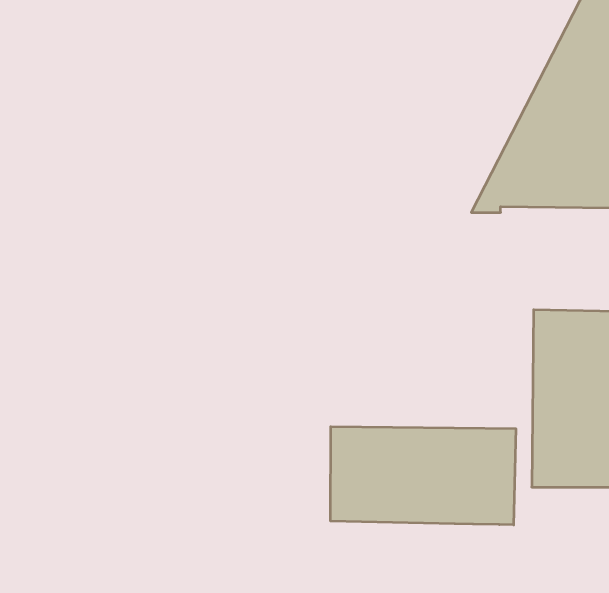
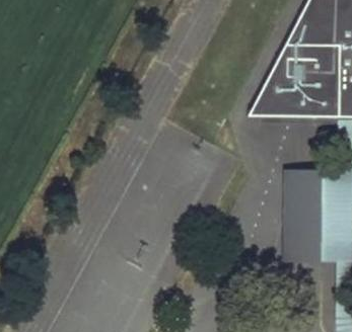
building: [331,427,516,525] -> none

